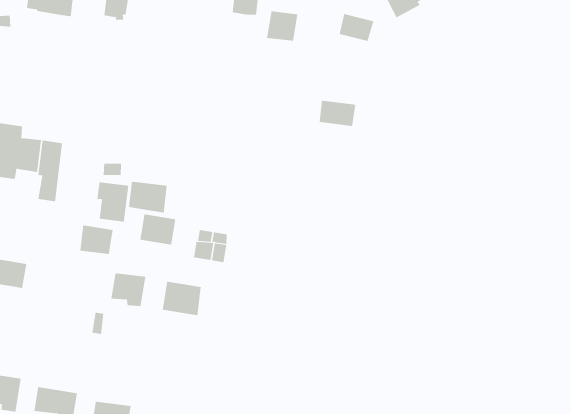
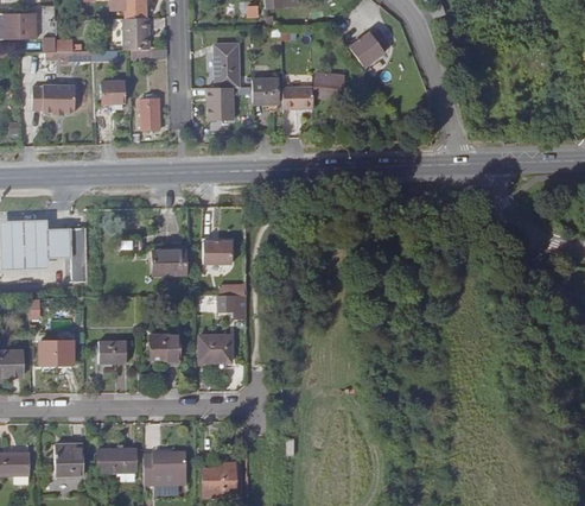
building: none -> [206,87,233,119]
building: none -> [140,100,159,131]
building: [319,100,356,127] -> [281,86,313,107]
building: [97,182,129,222] -> none
building: [139,214,176,245] -> [202,242,231,266]
building: [80,225,114,254] -> [97,340,126,363]

